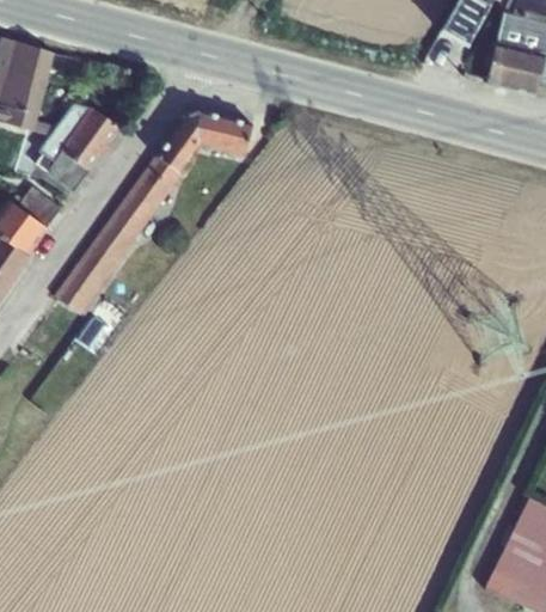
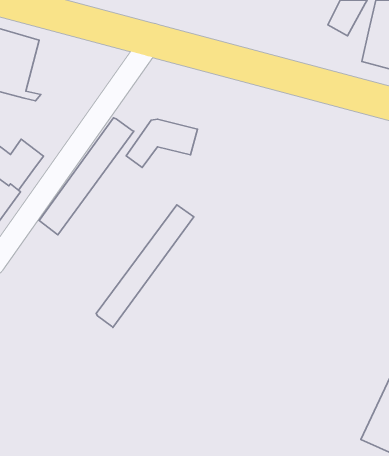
building: [35,103,119,194] -> none
building: [157,110,252,175] -> [126,119,198,167]
building: none -> [96,205,194,327]

